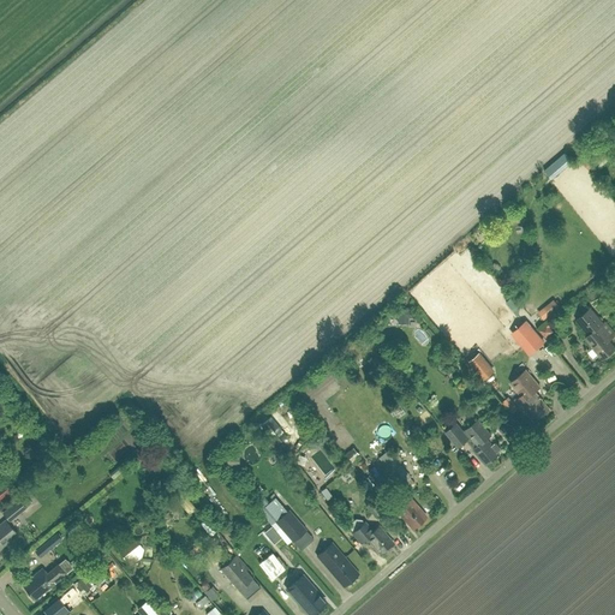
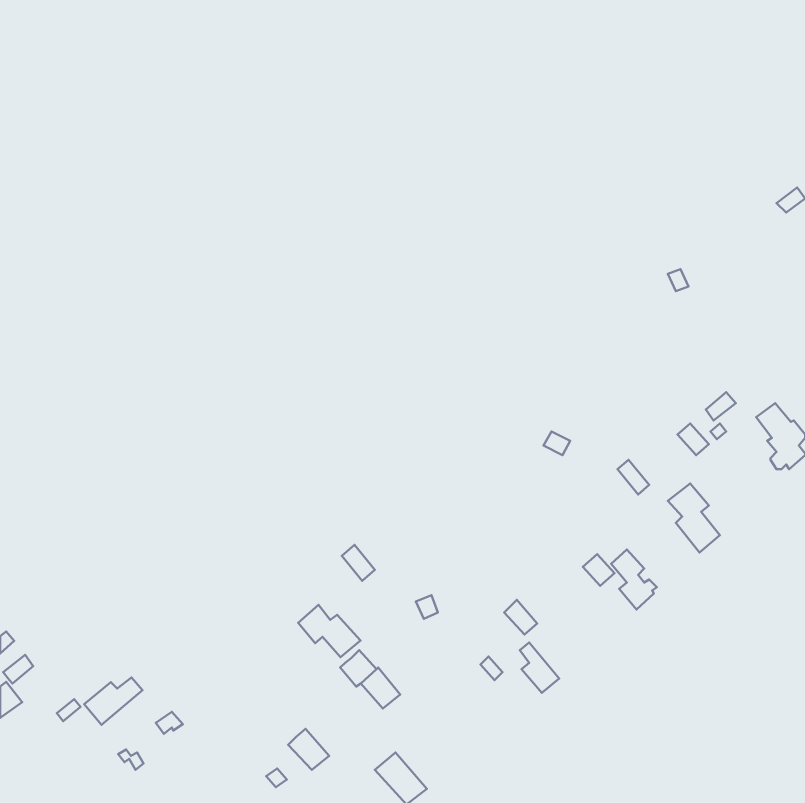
building: none -> [298,605,360,657]
building: [352,524,393,555] -> none
building: [316,543,358,587] -> none
building: [20,566,65,602] -> [84,677,142,725]

